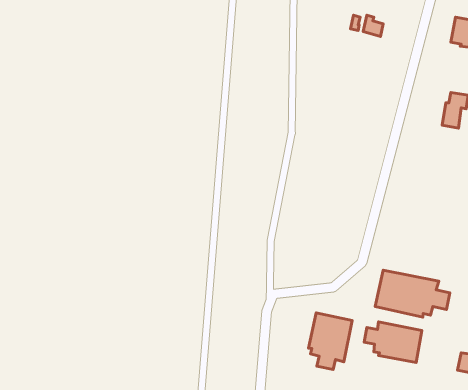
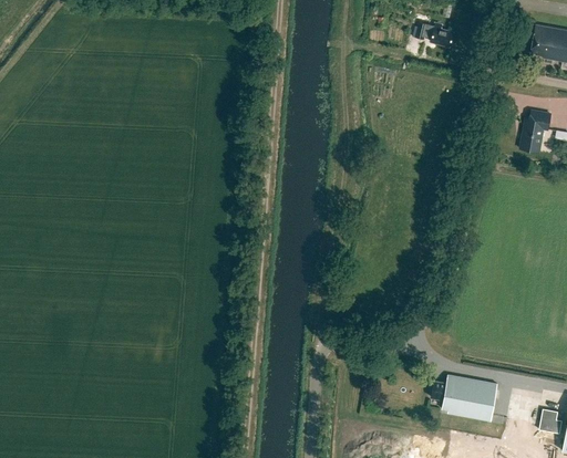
building: [375,270,450,317] -> none
building: [308,313,352,369] -> none

